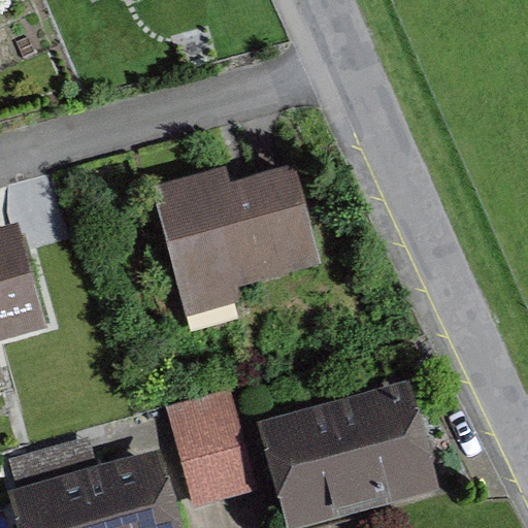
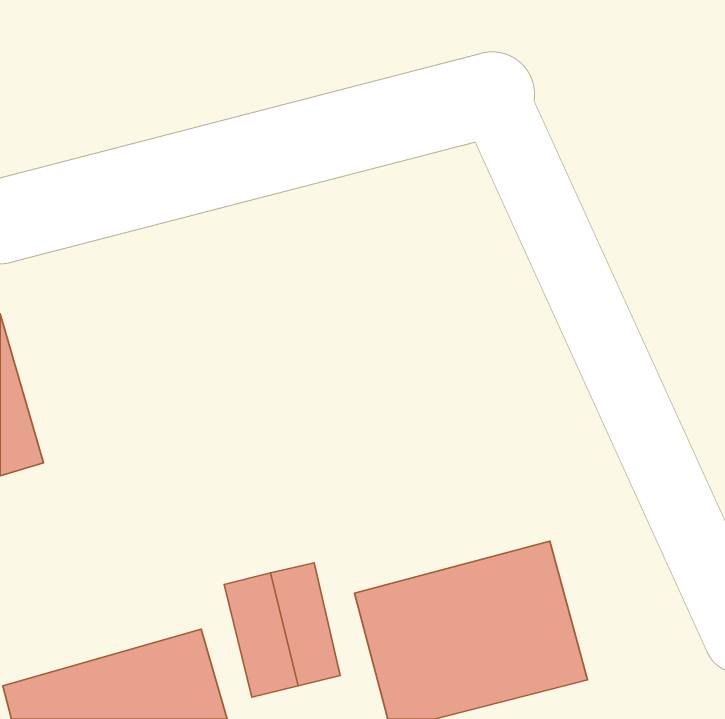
building: [147,167,322,312] -> none

